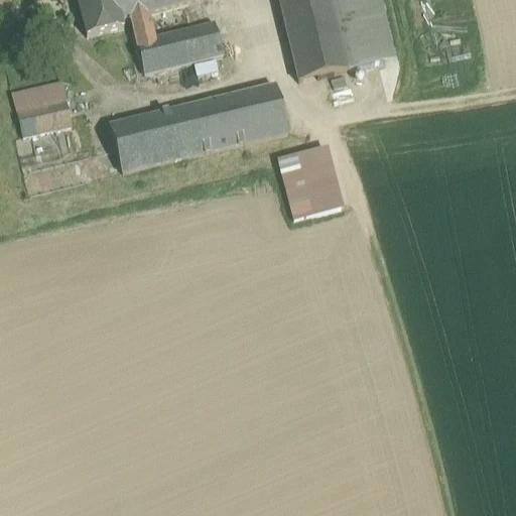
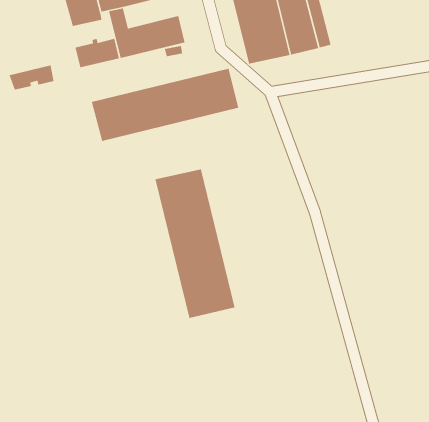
building: [17,98,72,134] -> [75,38,120,68]
building: [277,145,344,217] -> none
building: none -> [154,169,235,319]

